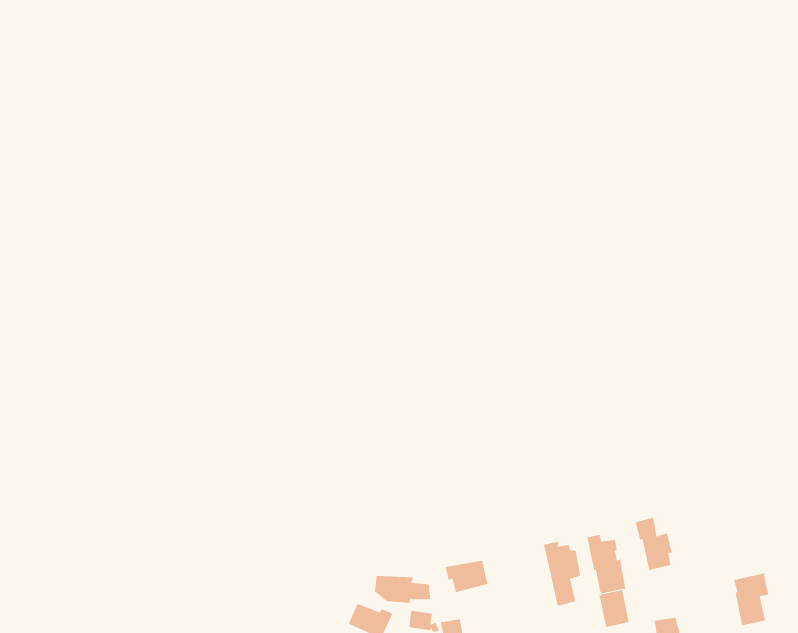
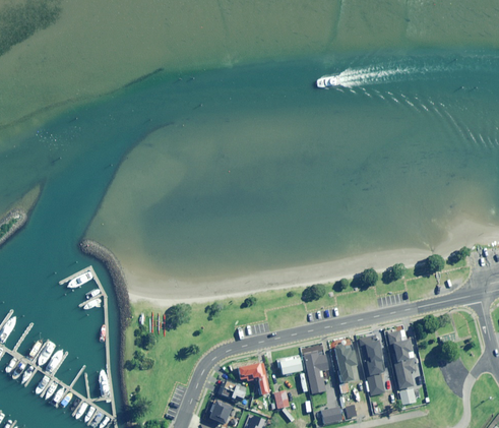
building: none -> [305,351,329,392]
building: [733,572,769,626] -> [395,357,417,388]

